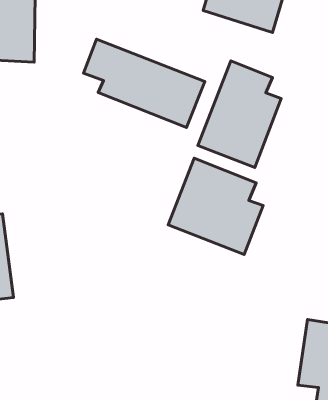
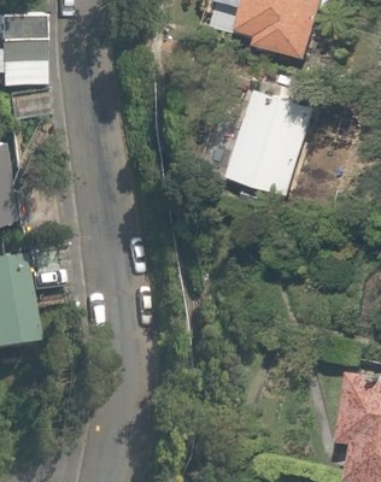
building: [83,39,205,127] -> none
building: [168,158,263,254] -> none

